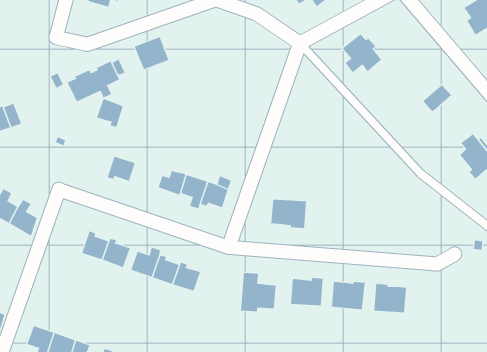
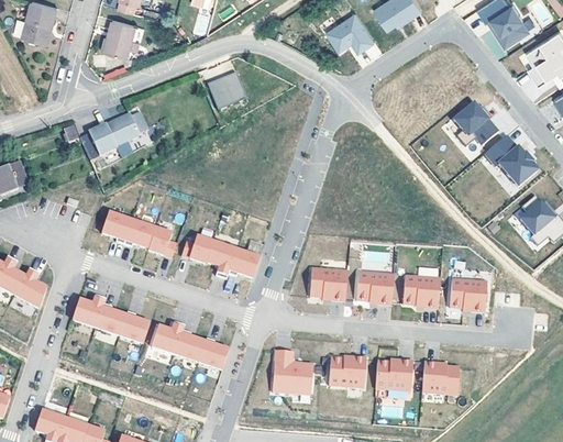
building: [342,34,382,73] -> [448,106,493,150]
building: [134,37,169,70] -> [208,69,247,107]
building: none -> [493,150,532,190]
building: [96,98,124,128] -> [101,210,132,243]
building: none -> [148,226,177,257]
building: none -> [355,270,395,305]
building: none -> [401,274,442,308]
building: none -> [449,278,488,311]
building: none -> [71,294,106,328]

